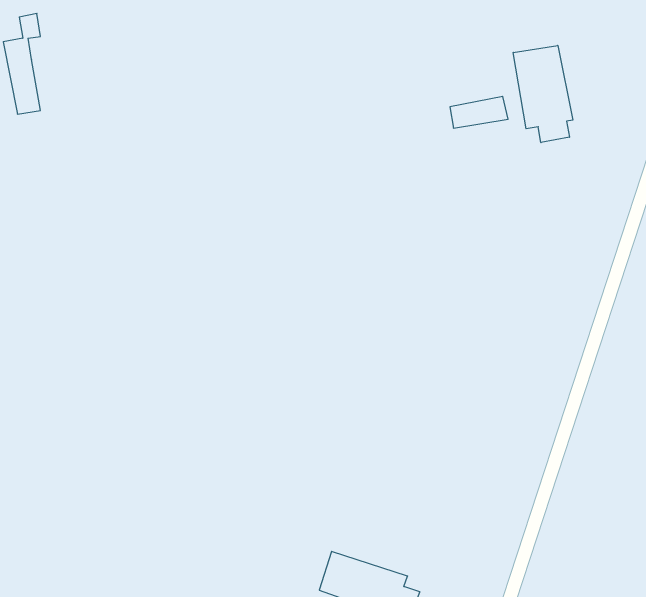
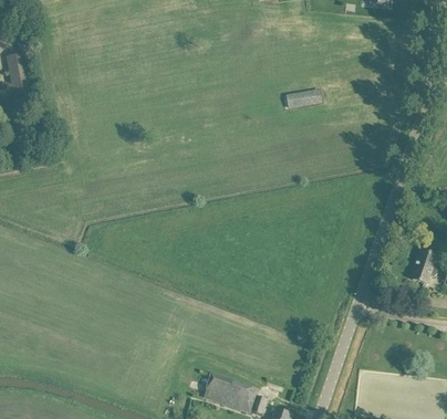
building: [513,45,573,143] -> none

